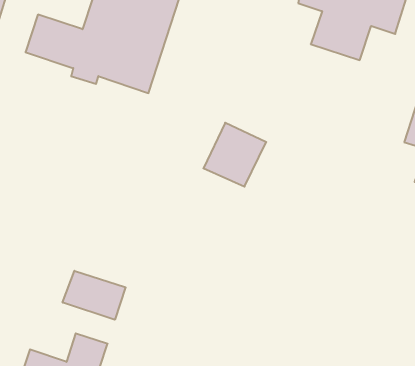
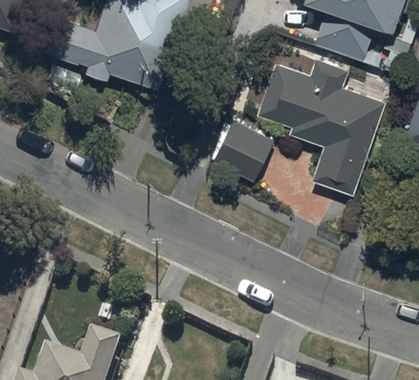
building: none -> [254,58,384,195]
building: [63,271,126,320] -> none

